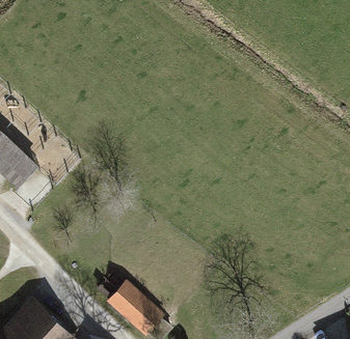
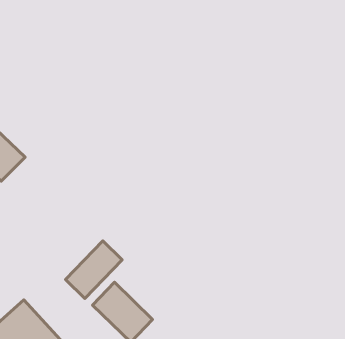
building: none -> [66,241,122,298]

